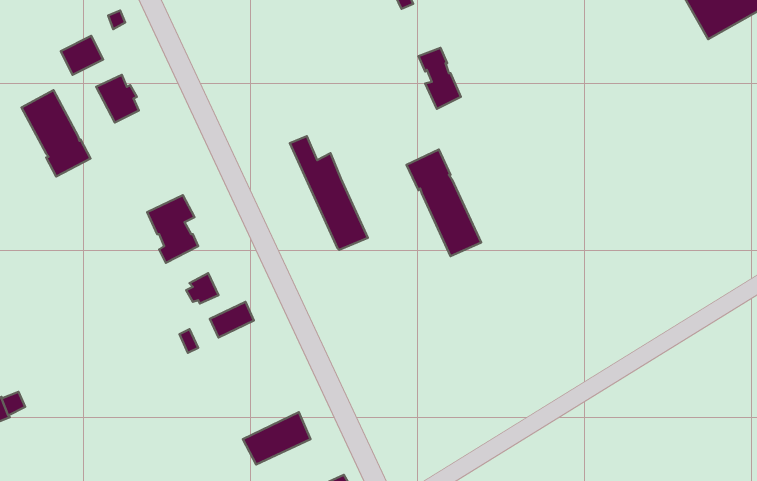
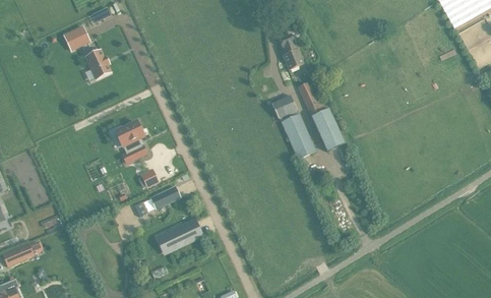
building: [21,90,91,176] -> none
building: [290,136,368,250] -> [298,82,345,151]
building: [243,412,311,465] -> [161,220,201,251]

